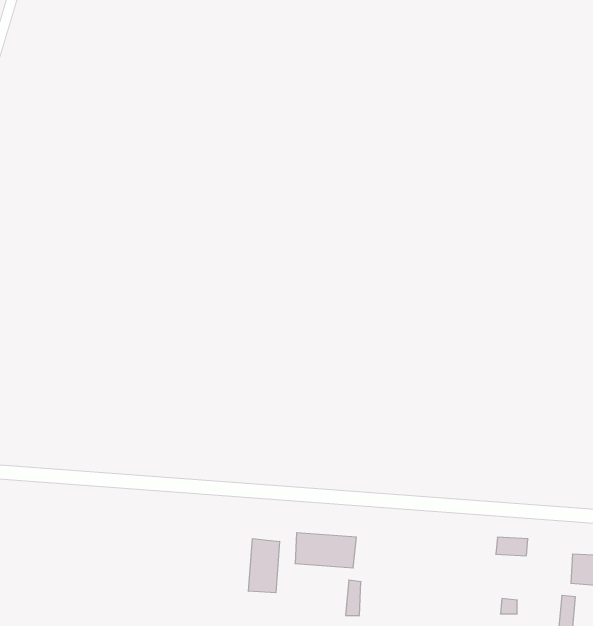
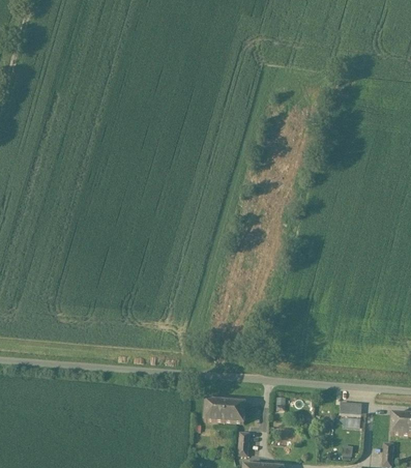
building: [248,539,280,593] -> none

